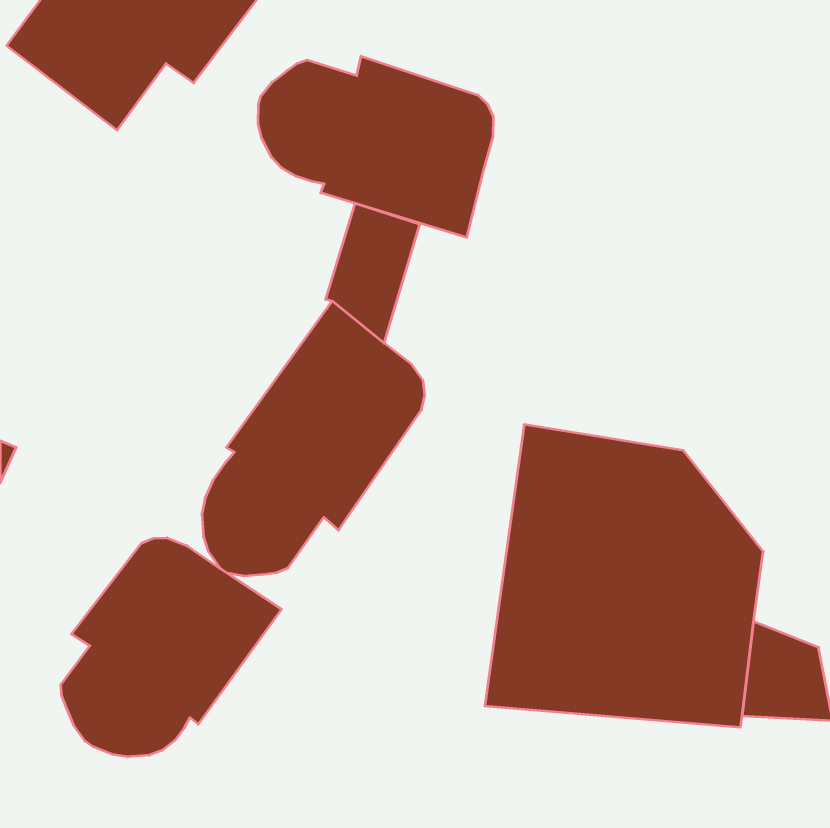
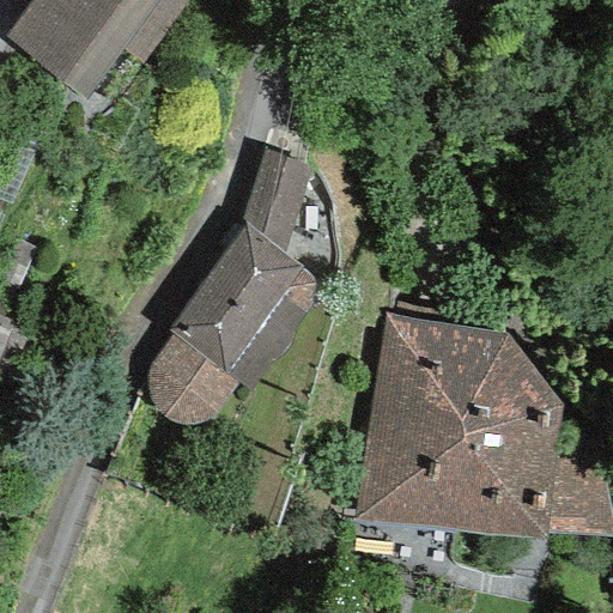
building: [258,56,493,237] -> none
building: [61,538,281,757] -> none

